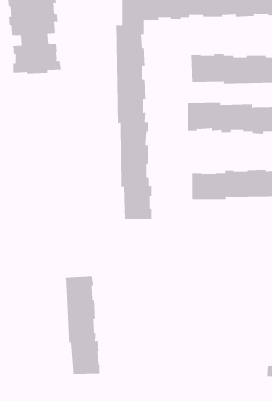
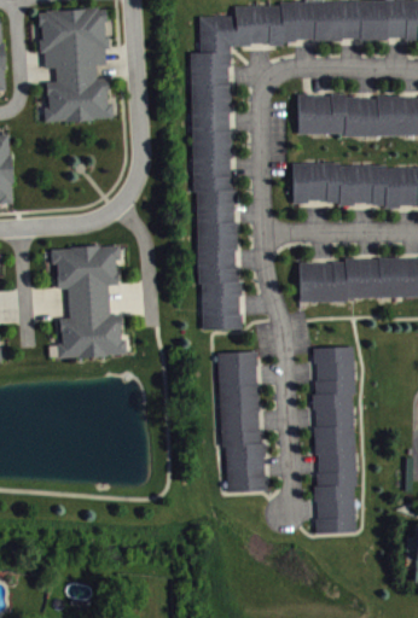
building: none -> [51,245,127,357]
building: none -> [313,345,356,534]
building: [65,276,100,375] -> [217,350,267,490]

